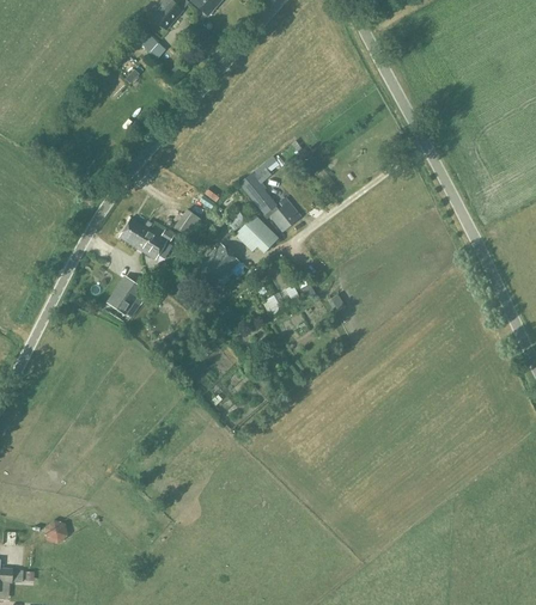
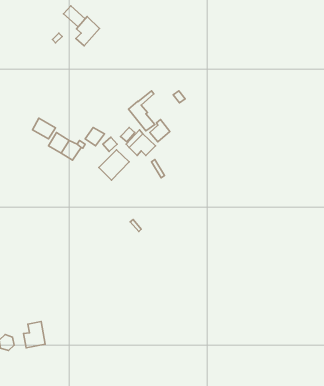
building: none -> [76,17,100,46]
building: none -> [32,118,55,139]
building: [106,274,145,316] -> none
building: none -> [23,322,45,348]

